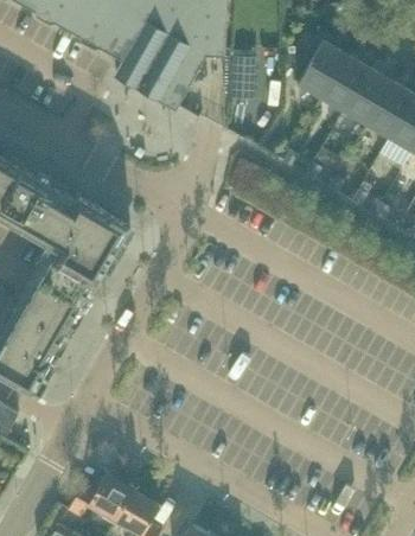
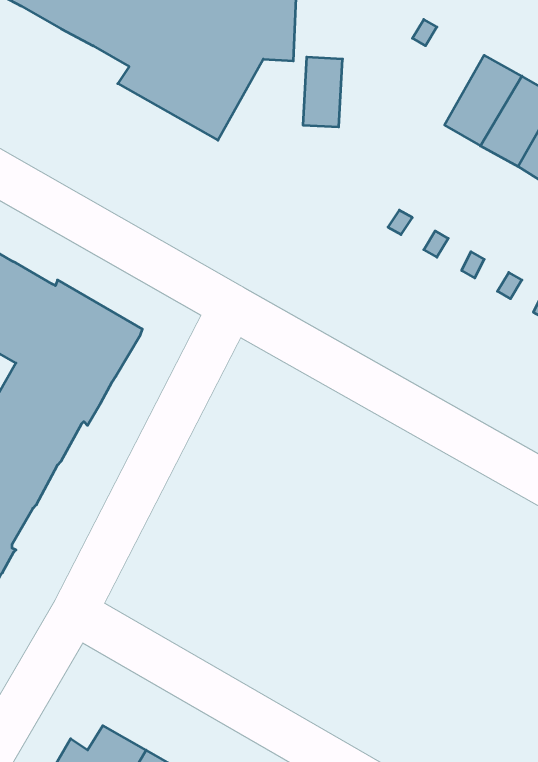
building: [296,40,344,97] -> none

